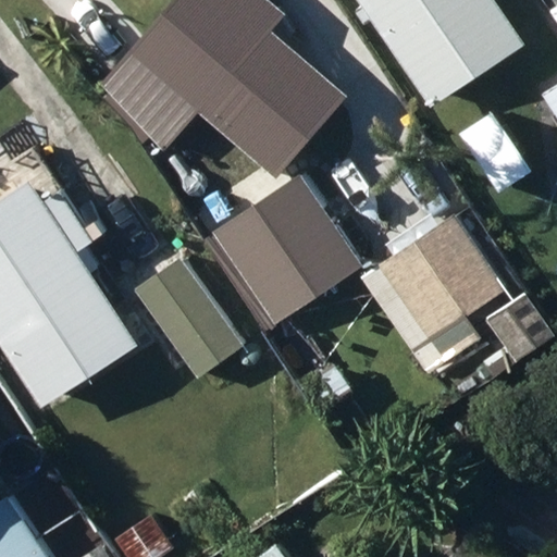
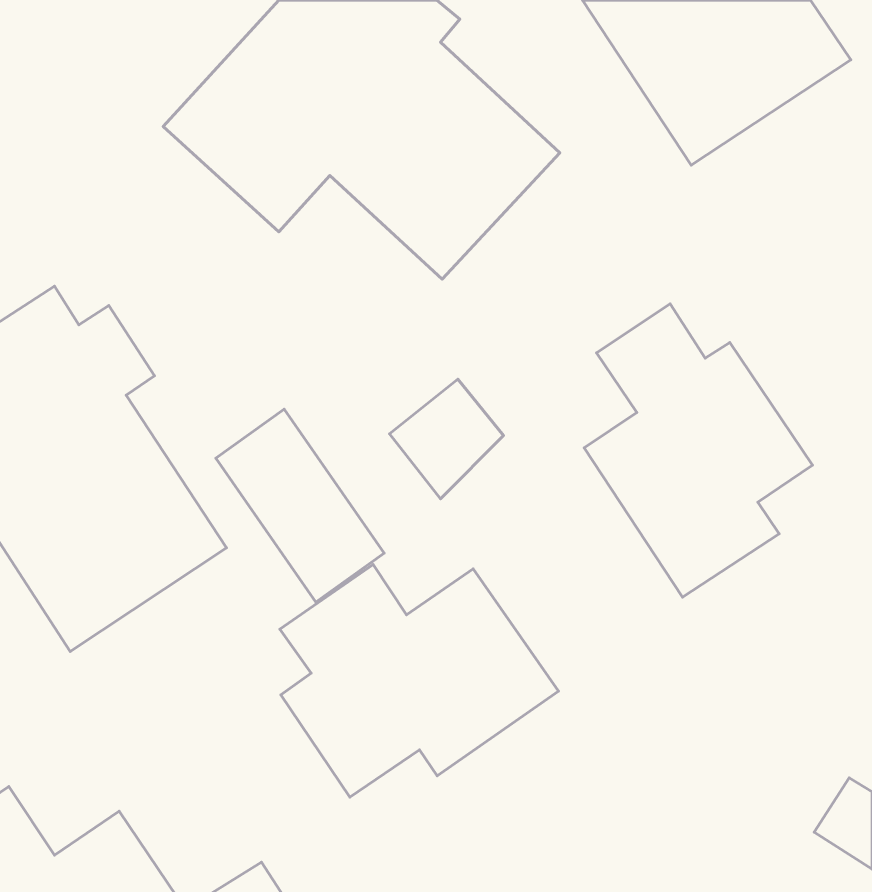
building: none -> [280,565,558,797]

